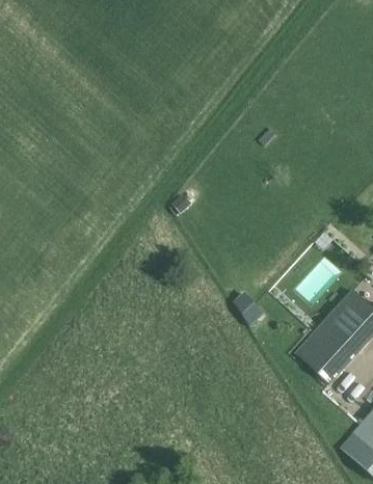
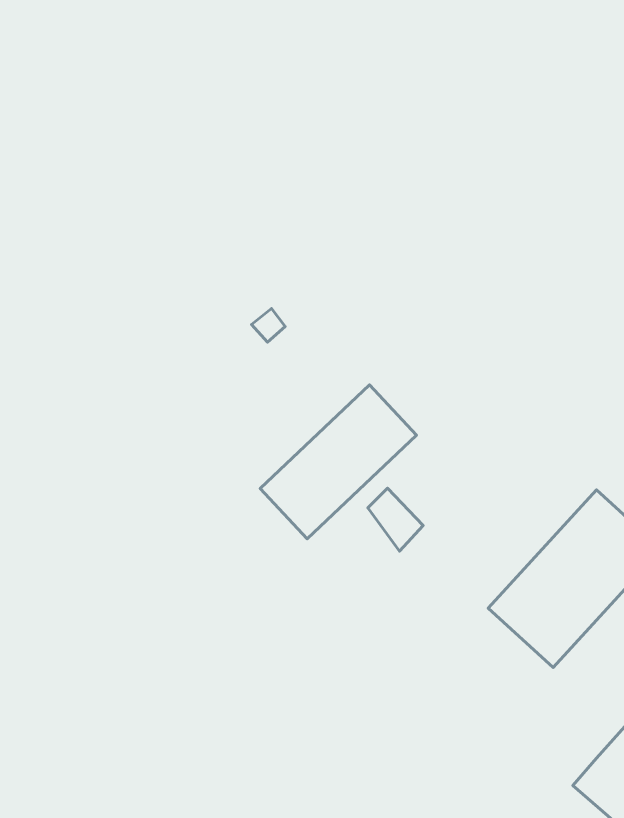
building: none -> [260,385,417,539]

